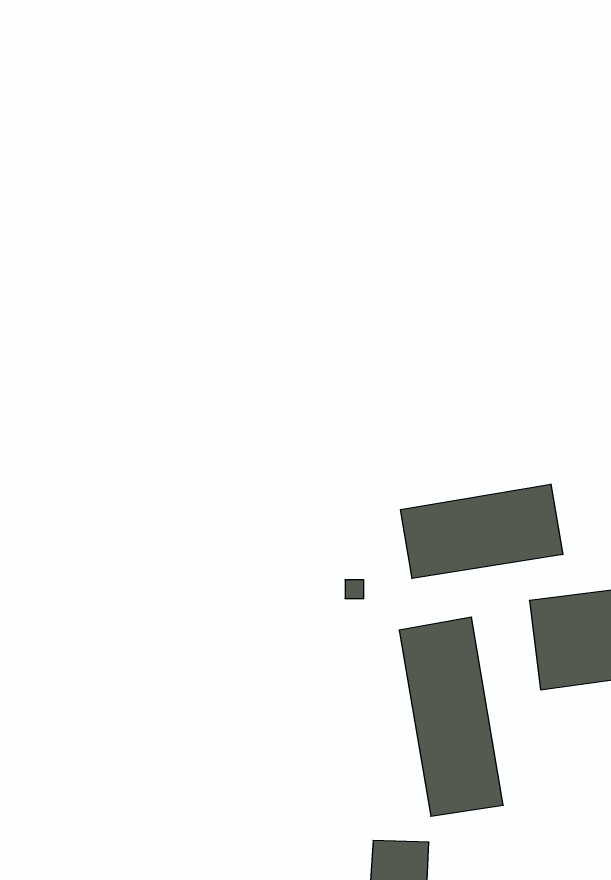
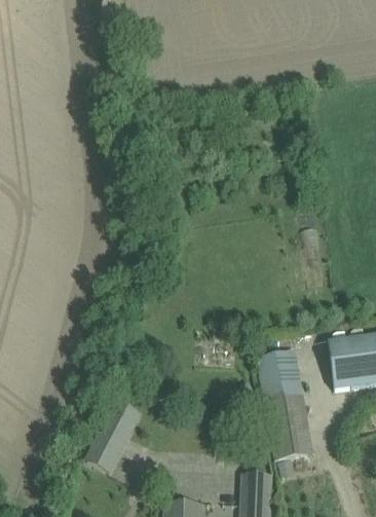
building: [401,484,563,579] -> none
building: none -> [86,400,139,472]

